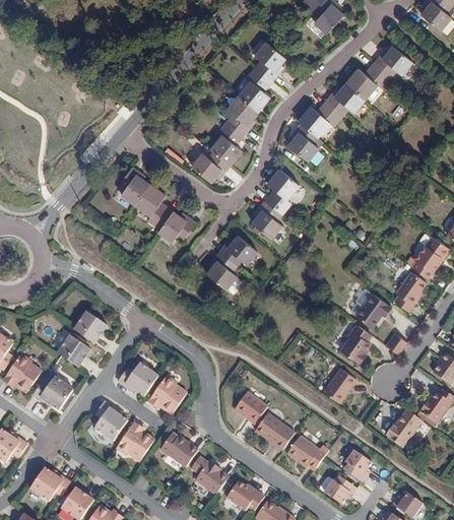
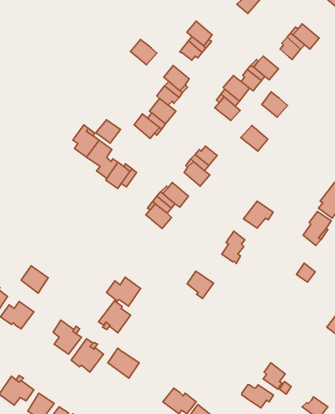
building: [345,68,376,99] -> [262,92,287,117]
building: [238,80,269,111] -> [130,40,157,65]
building: none -> [96,120,120,143]
building: [266,169,299,199] -> [241,126,268,151]
building: [356,291,392,324] -> [243,201,273,228]
building: [71,310,104,341] -> none
building: [343,322,371,361] -> [222,231,245,264]
building: [117,363,157,397] -> [106,277,140,306]
building: [325,366,355,400] -> none
building: [236,393,267,426] -> [187,271,214,298]
building: [390,409,425,446] -> none
building: [257,413,296,450] -> none
building: [286,437,326,472] -> none
building: [195,461,229,496] -> none

